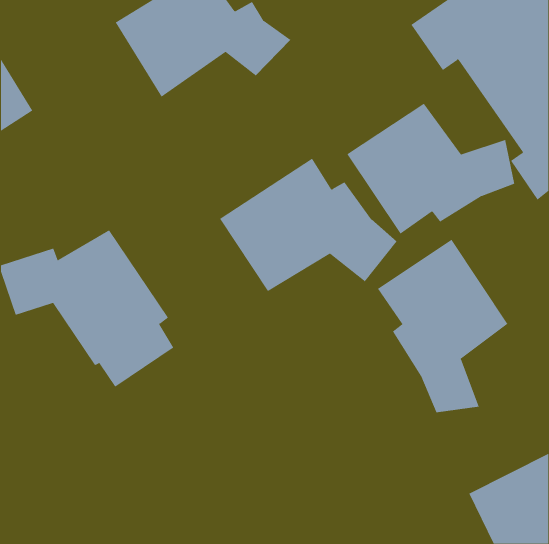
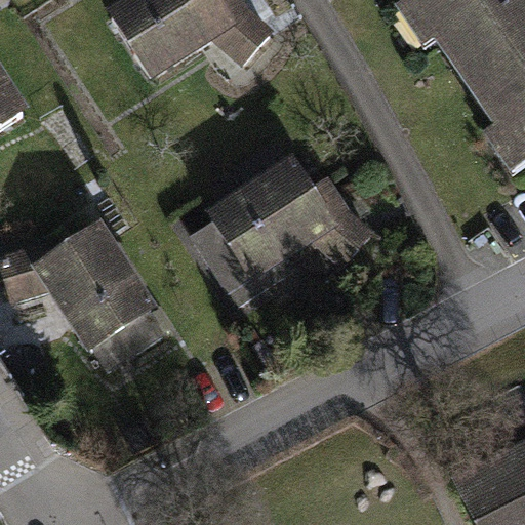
building: [347,103,515,234] -> none
building: [377,239,508,413] -> none

